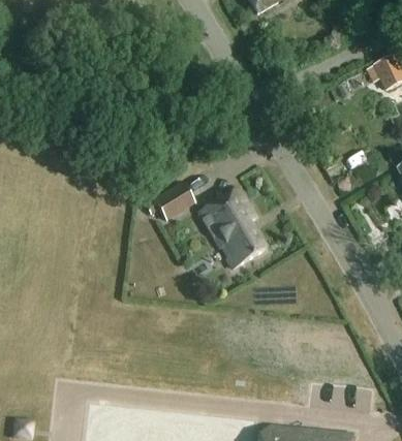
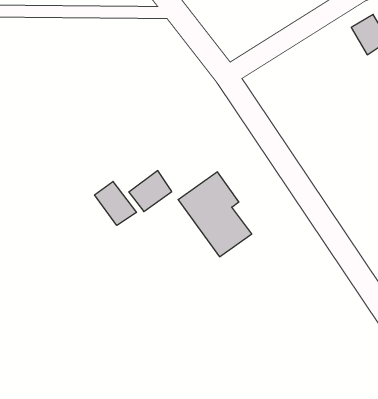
building: none -> [95,181,136,225]

